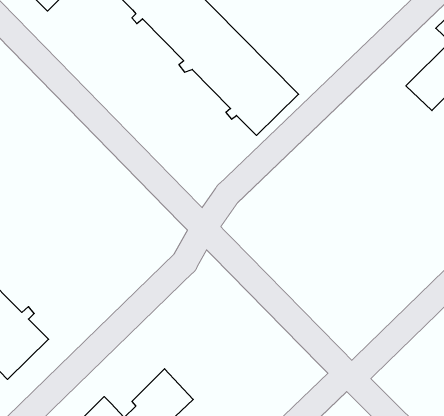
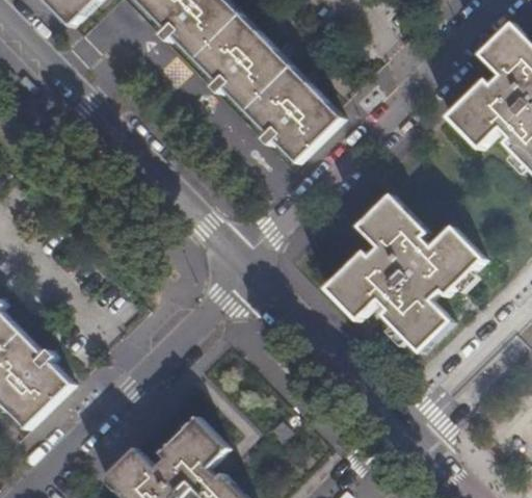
building: none -> [324,193,481,351]

